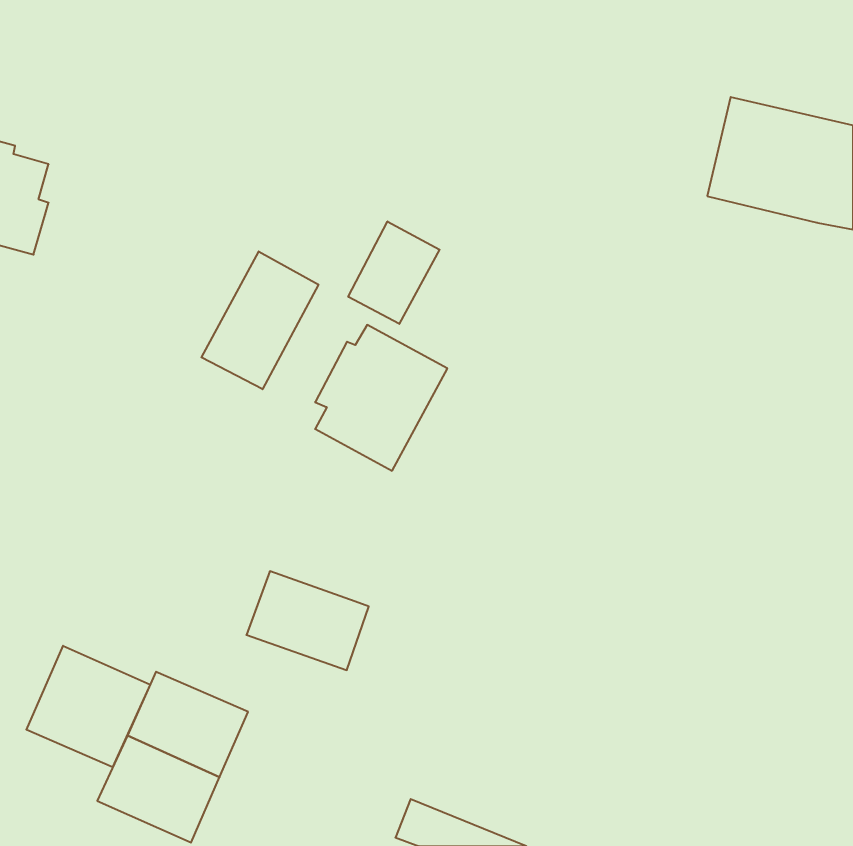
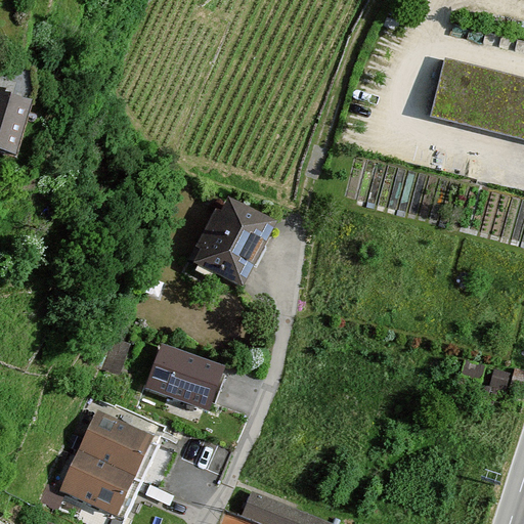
building: [348,221,440,324] -> none
building: [201,251,318,389] -> none
building: [26,646,150,767] -> none

